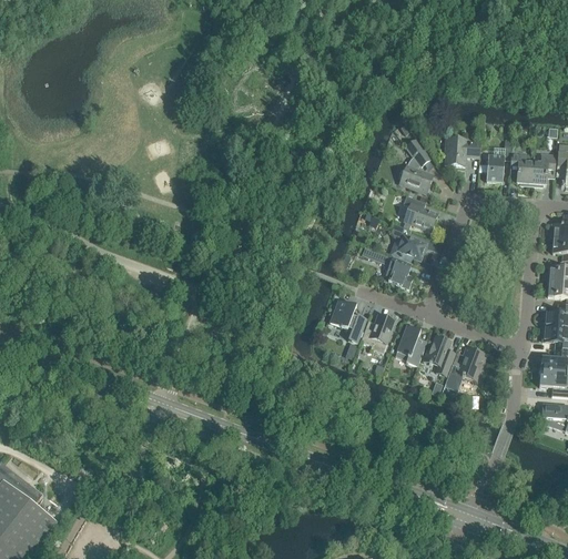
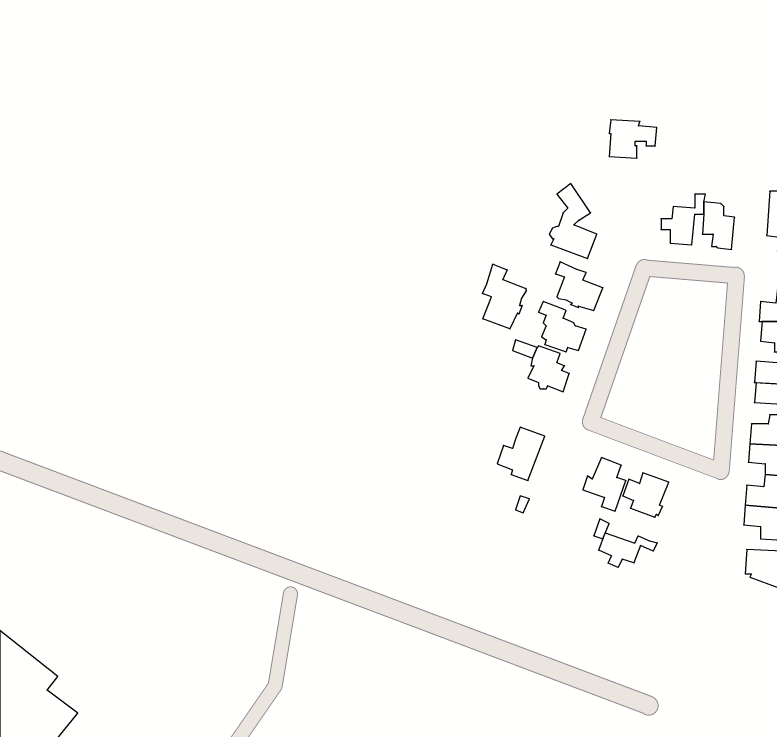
building: [446,138,480,165] -> [609,120,657,158]
building: [531,153,556,186] -> none
building: none -> [482,264,526,329]
building: [331,298,367,343] -> none
building: [396,325,427,365] -> none
building: none -> [599,533,657,567]

